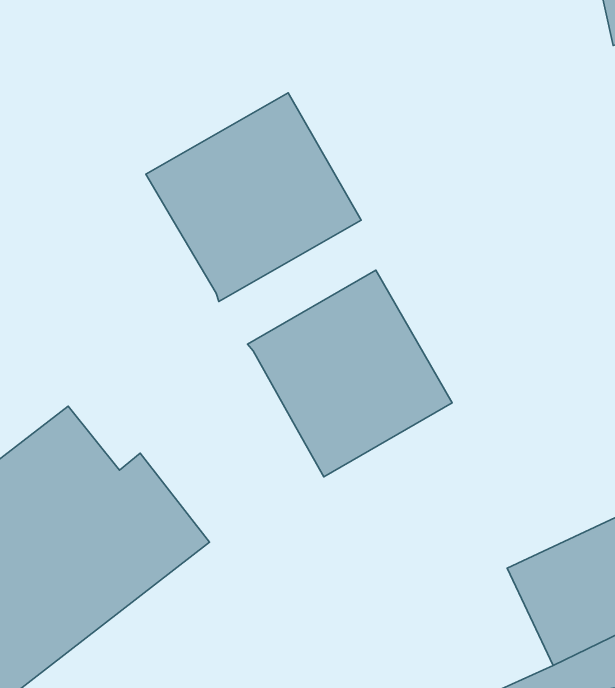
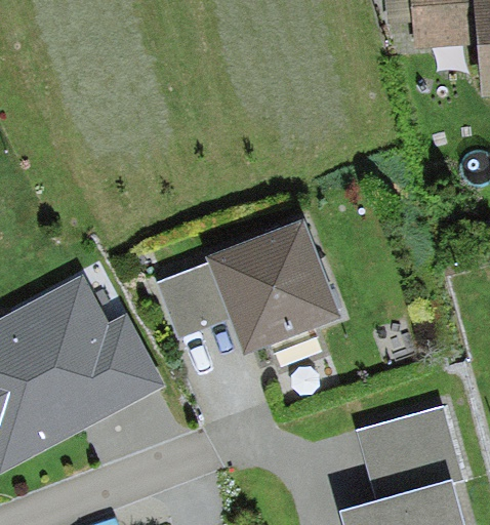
building: [146,93,361,301] -> none
building: none -> [157,260,232,335]

